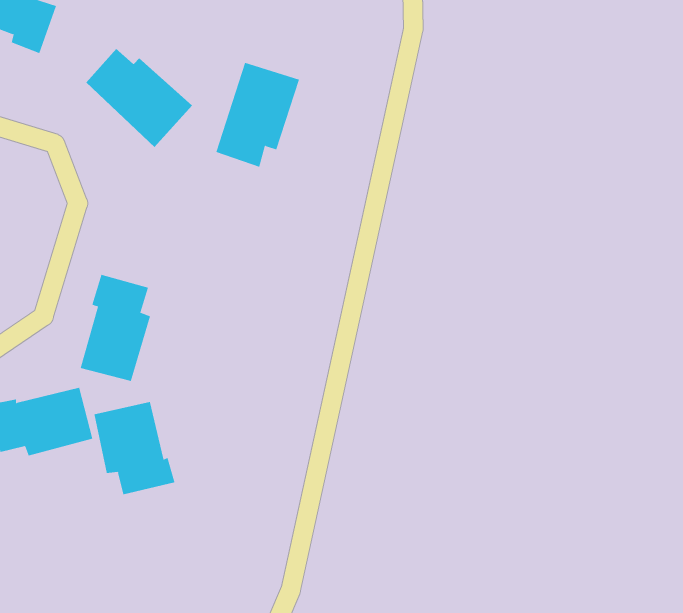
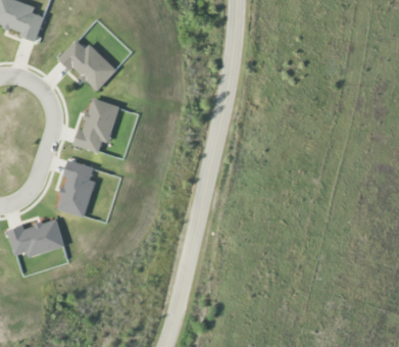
building: [216,62,300,167] -> [76,97,120,153]
building: [94,401,175,495] -> none

